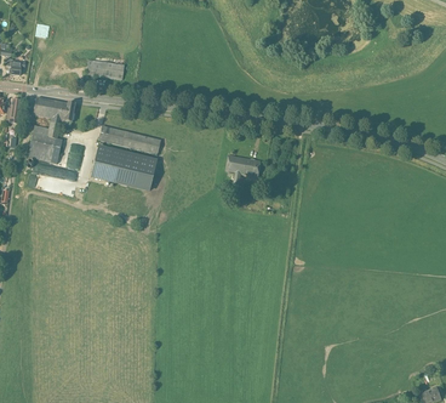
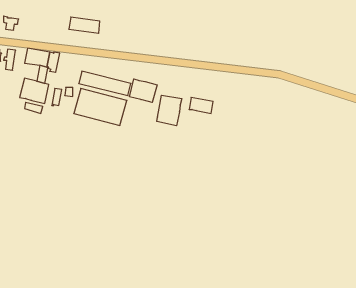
building: none -> [130,79,157,102]
building: none -> [157,95,182,126]

